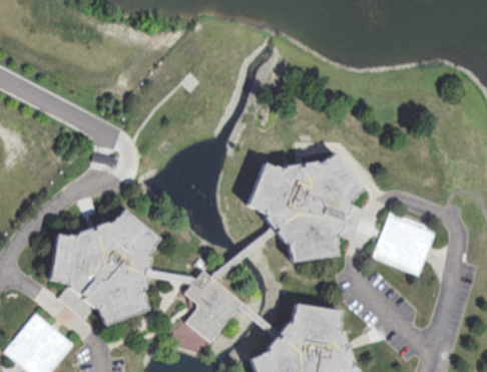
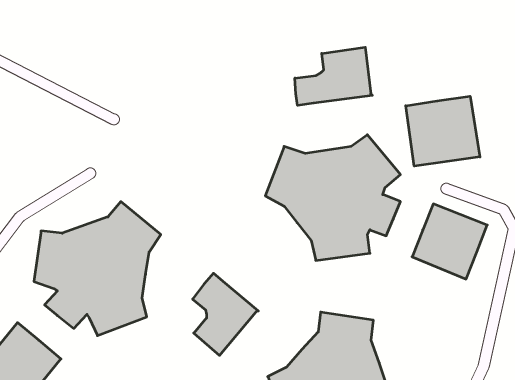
building: none -> [295,47,372,105]
building: none -> [406,96,480,166]
building: [170,319,208,357] -> none

